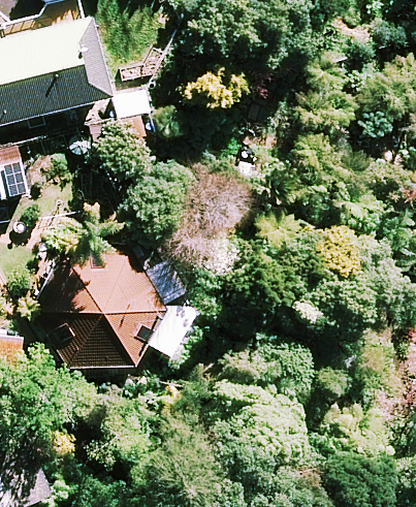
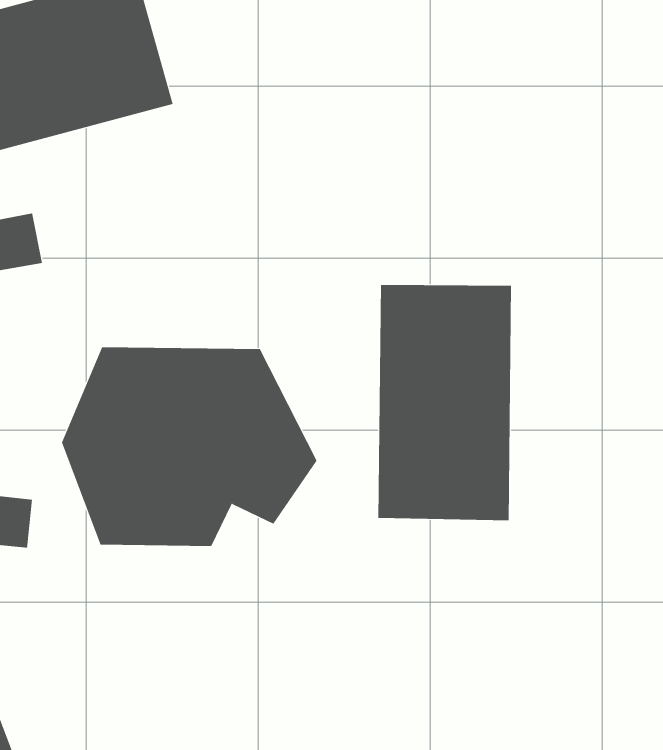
building: none -> [378,284,512,521]

